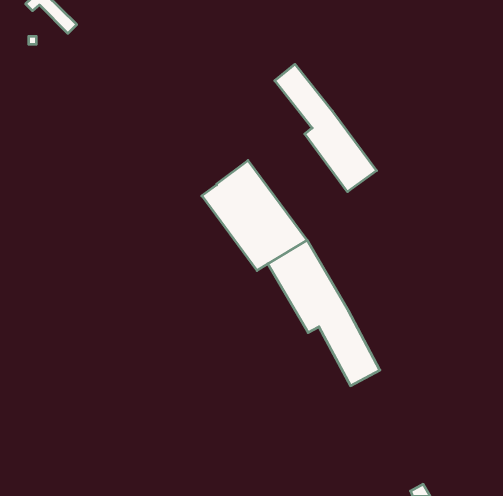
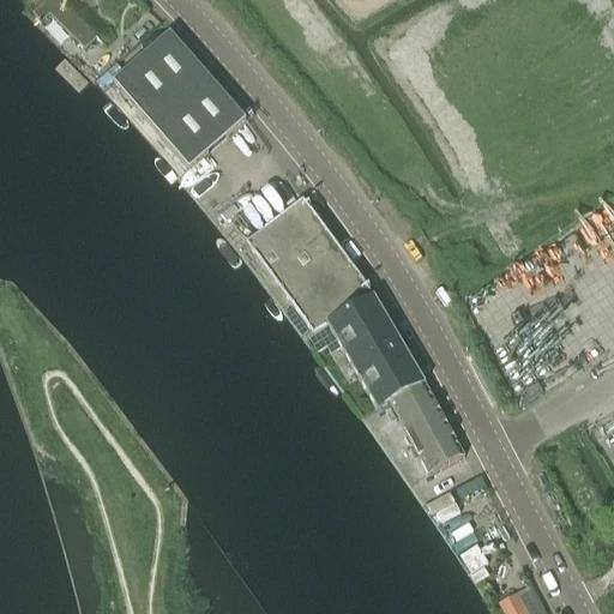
building: none -> [113,28,245,164]
building: [275,64,377,192] -> none

